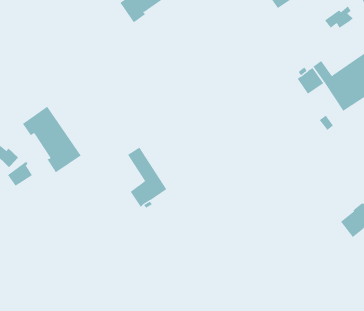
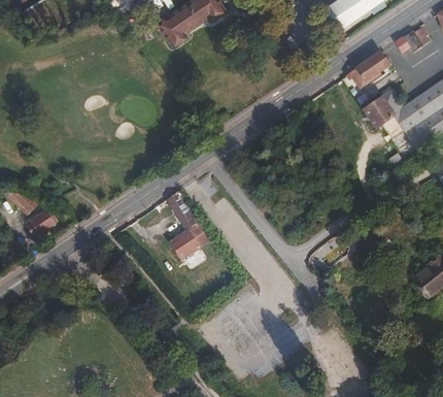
building: none -> [346,53,388,88]
building: [22,106,82,173] -> none

